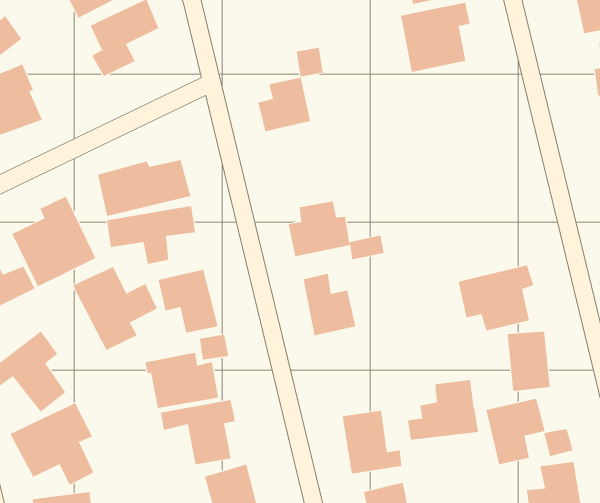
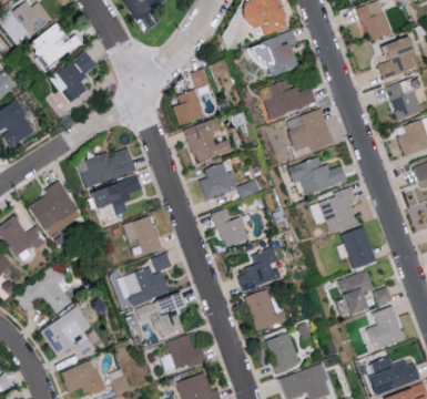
building: none -> [262,80,316,120]
building: none -> [184,120,232,163]
building: none -> [286,109,334,152]
building: none -> [286,157,347,194]
building: [72,266,157,351] -> none
building: [407,379,479,440] -> [237,248,283,290]

